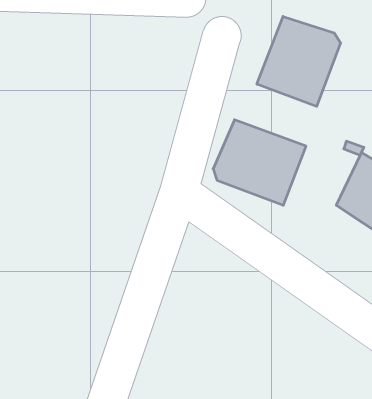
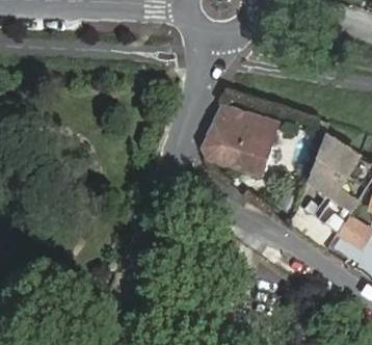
building: [257,16,341,106] -> none

